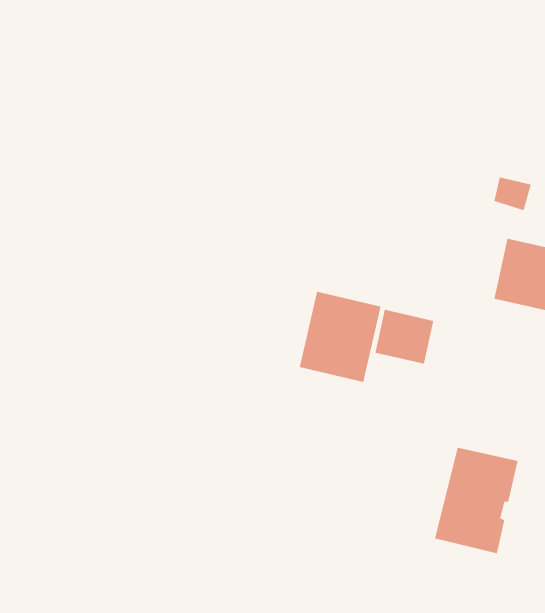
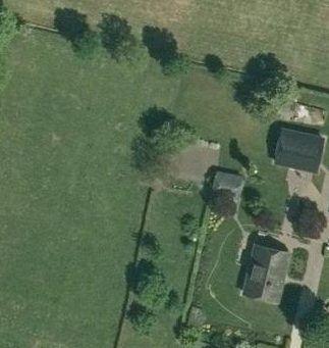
building: [299,291,382,383] -> none

